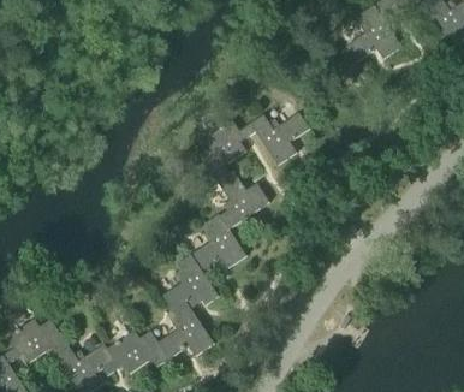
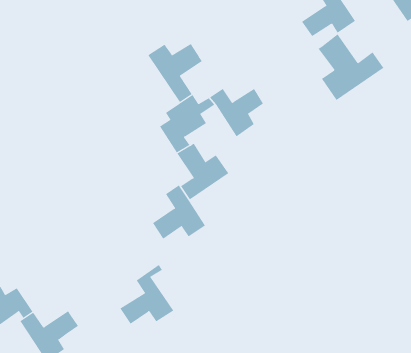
building: none -> [318,33,384,101]
building: none -> [148,43,203,103]
building: [162,255,219,314] -> none
building: [103,331,168,376] -> none

